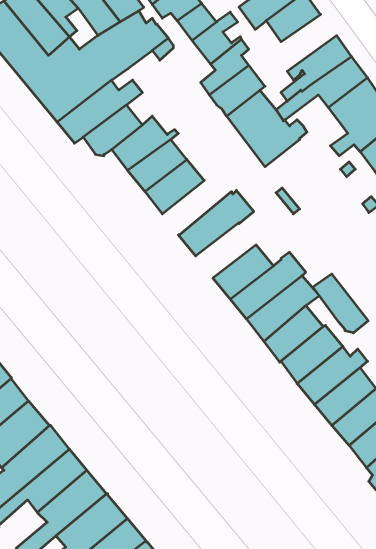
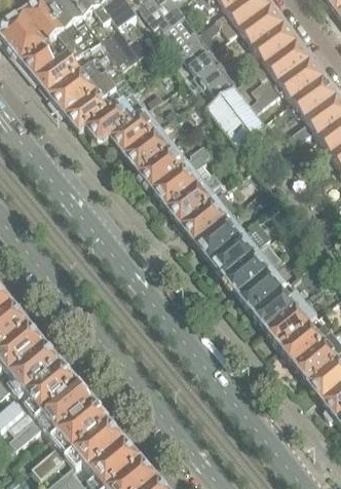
building: none -> [253,22,299,69]
building: none -> [154,150,212,204]
building: none -> [182,194,232,240]
building: [313,274,368,333] -> none

